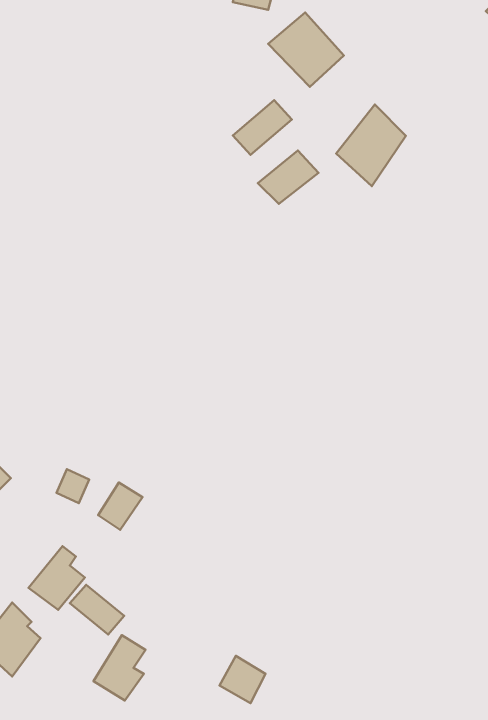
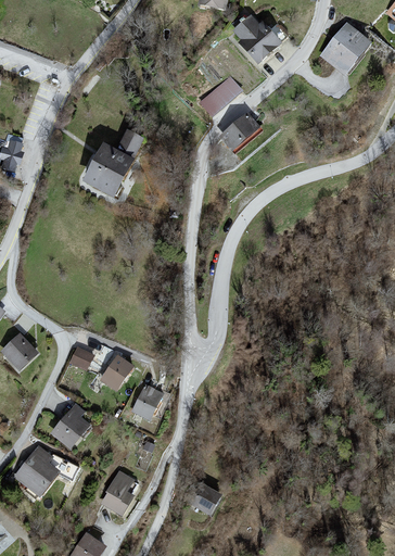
building: [336,105,406,186] -> [320,18,371,78]
building: none -> [84,131,143,198]
building: none -> [132,383,163,420]
building: [70,585,124,635] -> none

